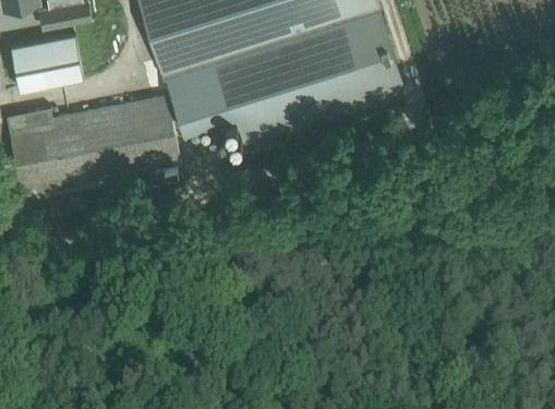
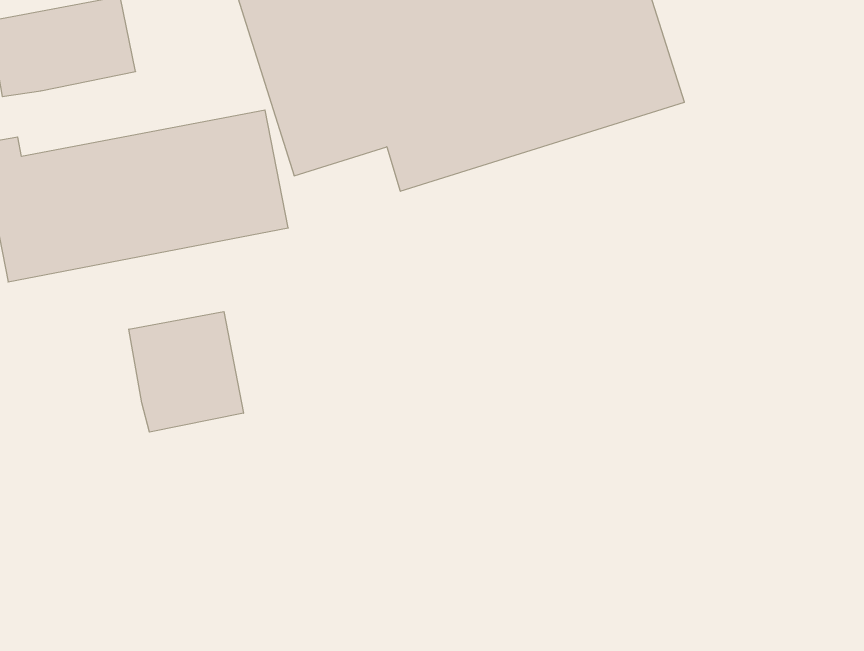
building: none -> [129,312,243,432]

